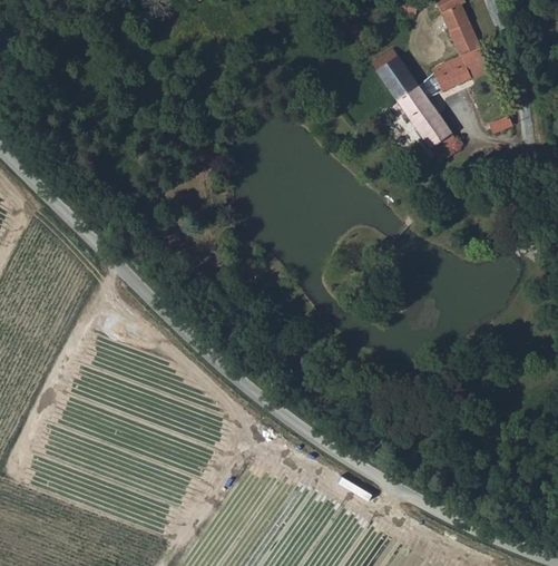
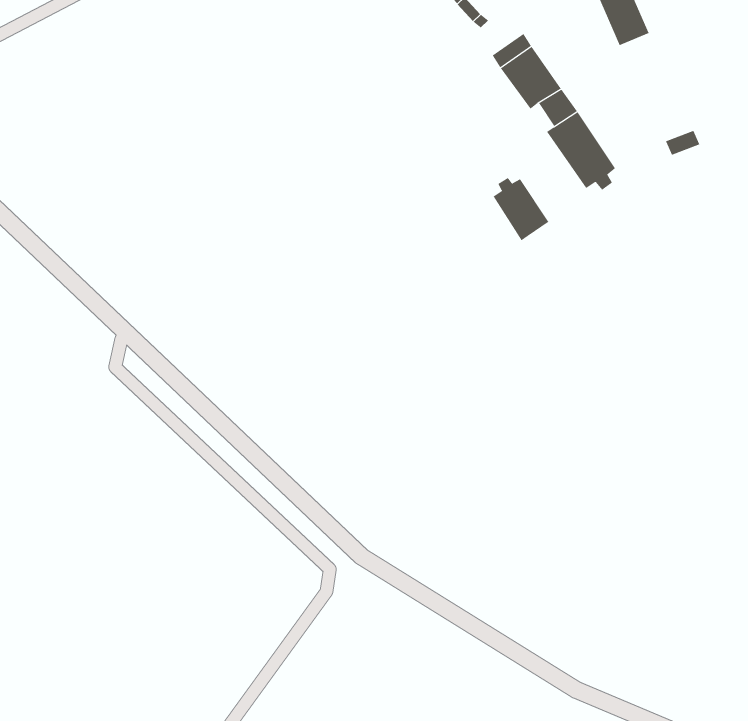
building: [431,47,486,91] -> none
building: none -> [493,177,549,241]

